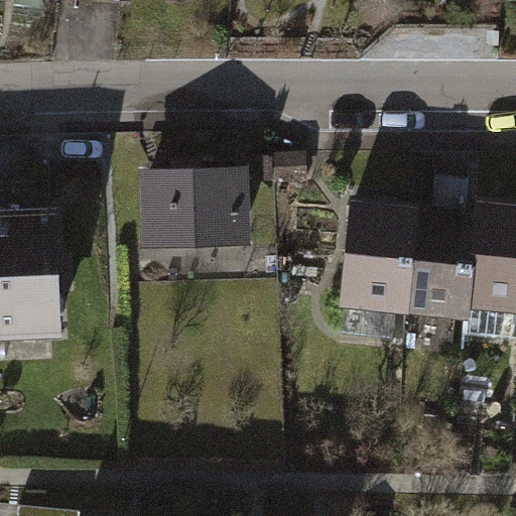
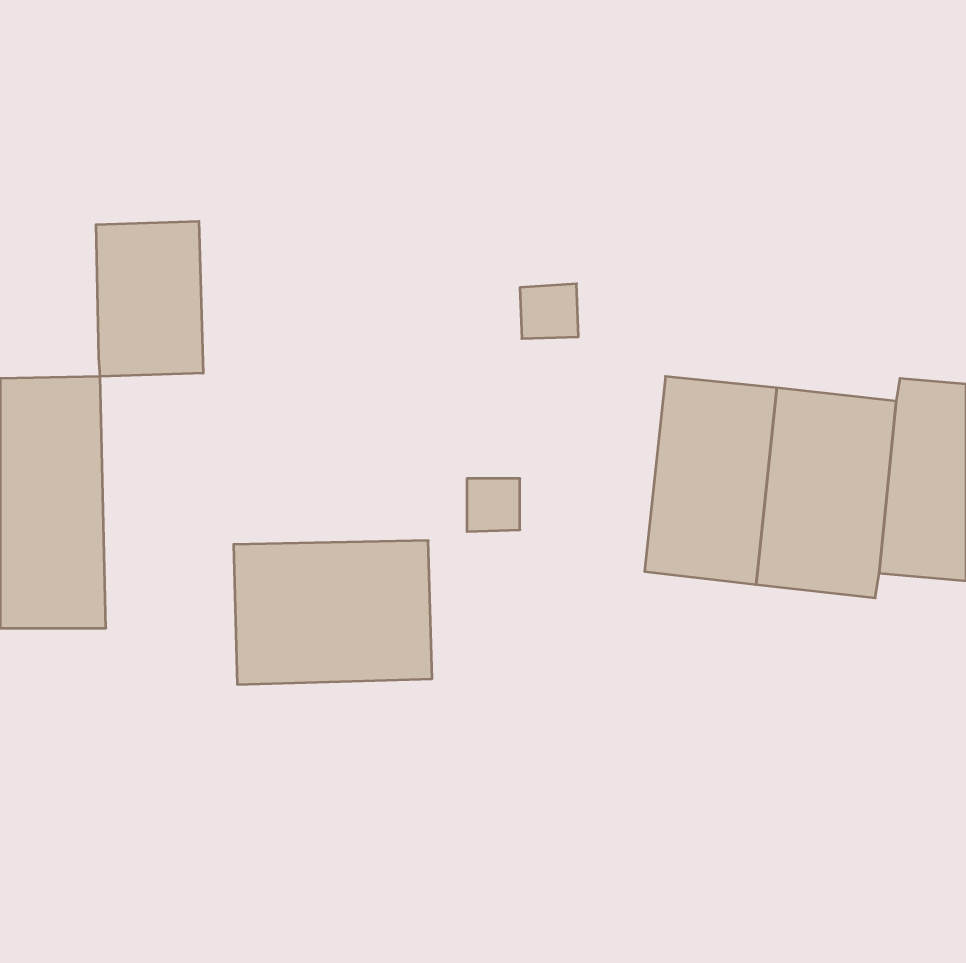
building: none -> [96,221,203,376]
building: [144,172,250,249] -> [234,541,432,684]

